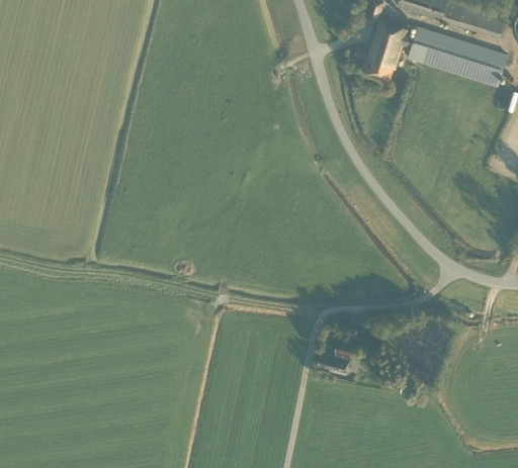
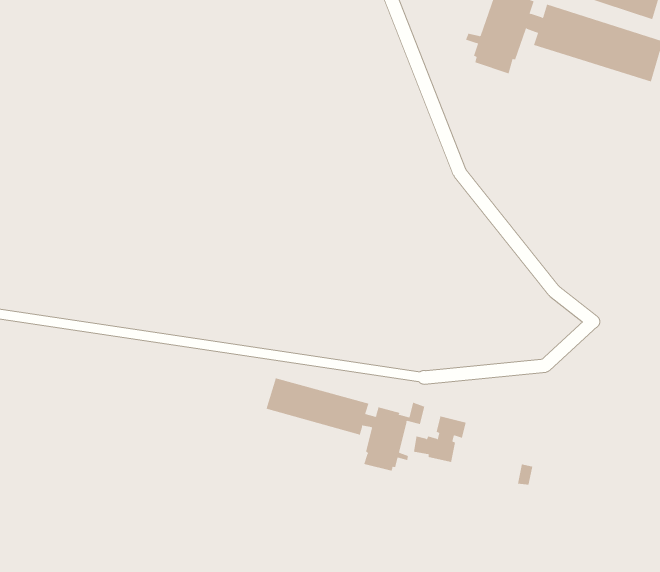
building: none -> [266,377,425,471]

